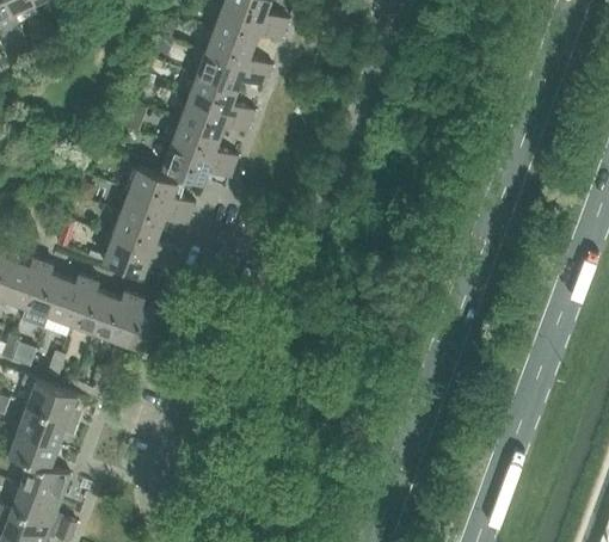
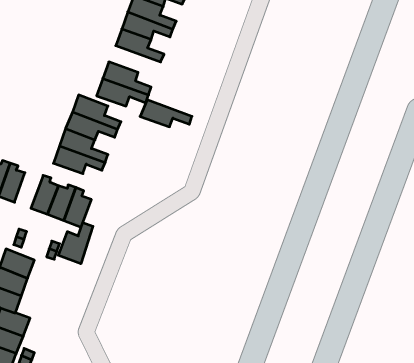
building: [178,100,250,137] -> [140,100,192,127]
building: [48,276,87,325] -> none
building: none -> [58,222,93,264]

